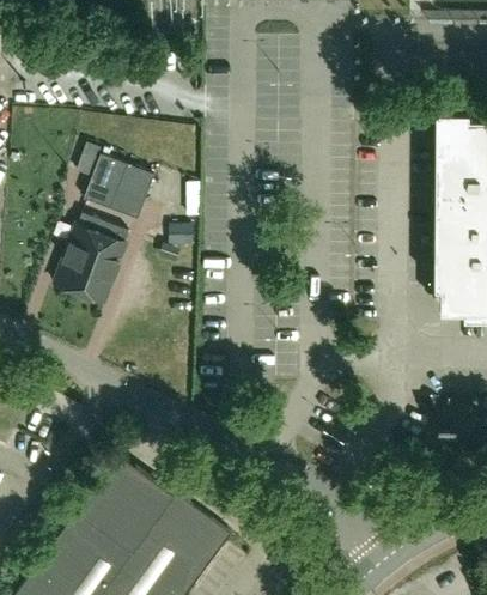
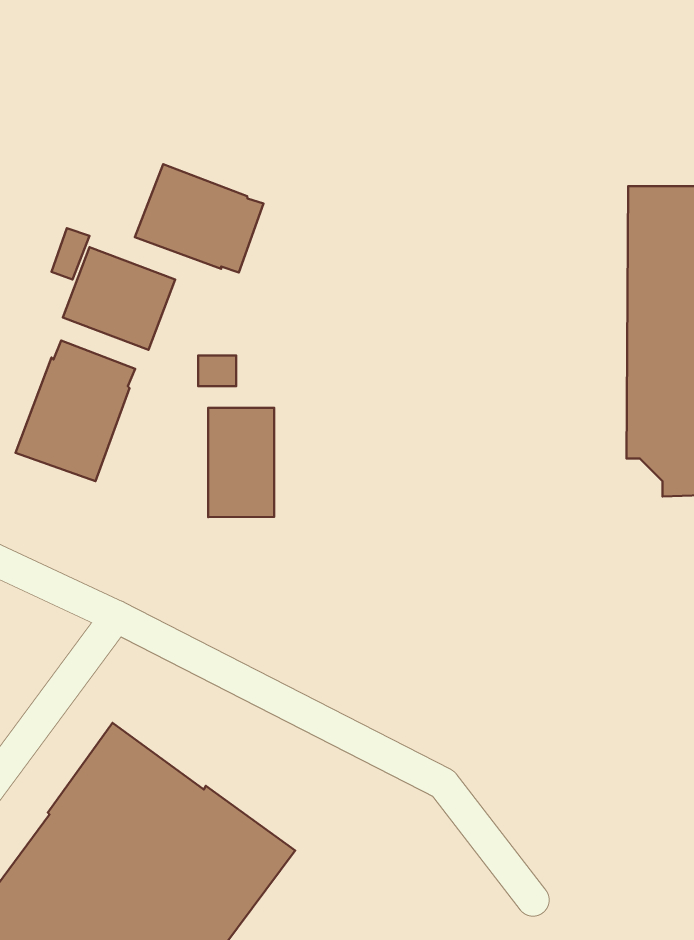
building: none -> [135,164,264,272]
building: none -> [208,408,274,517]

